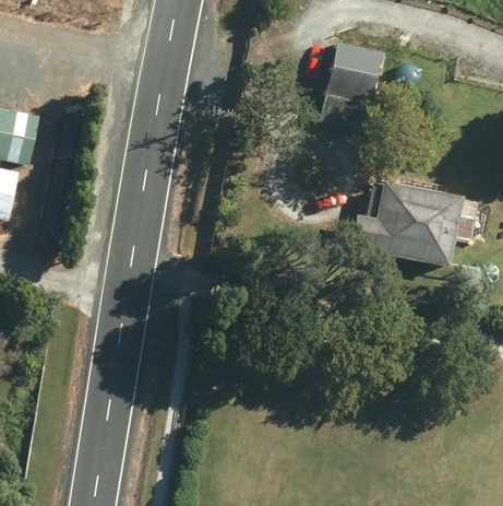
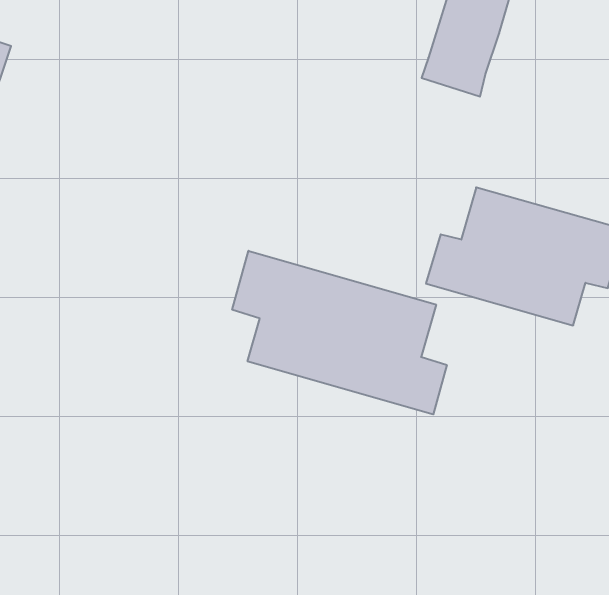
building: none -> [232,251,447,414]

